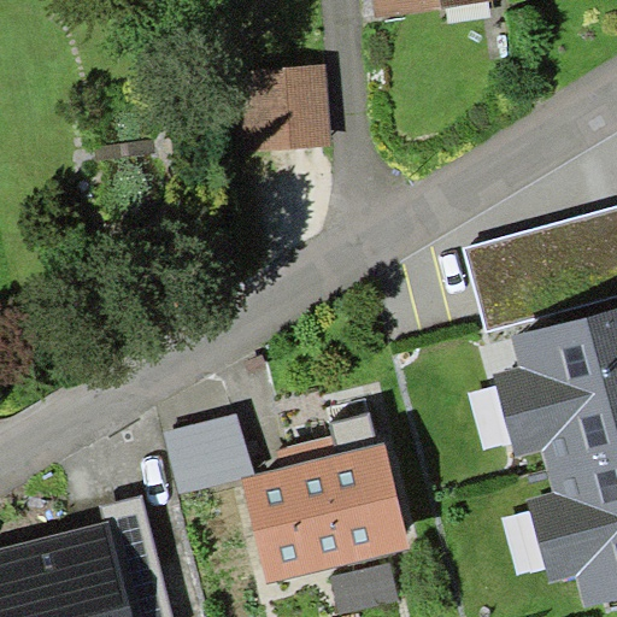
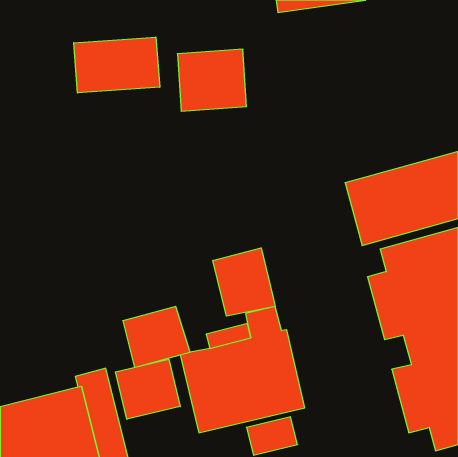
building: none -> [74,37,160,93]
building: none -> [213,248,275,316]
building: none -> [115,359,180,419]

